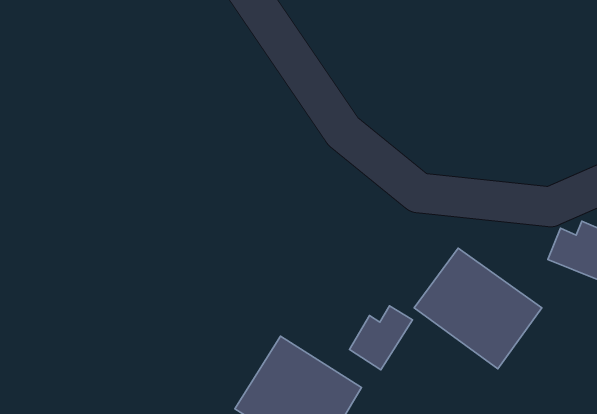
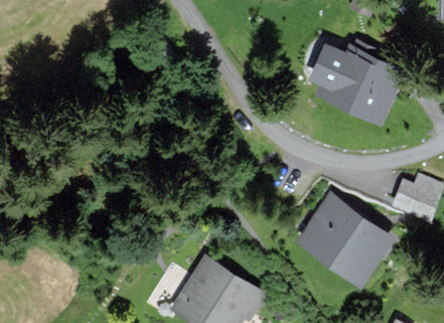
building: none -> [308,40,409,124]
building: [349,306,412,370] -> none

